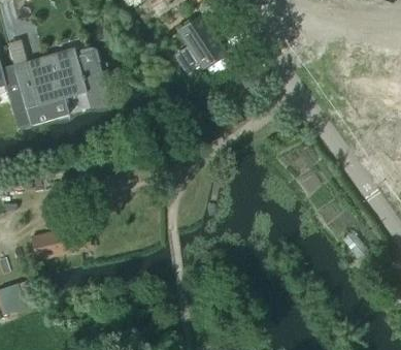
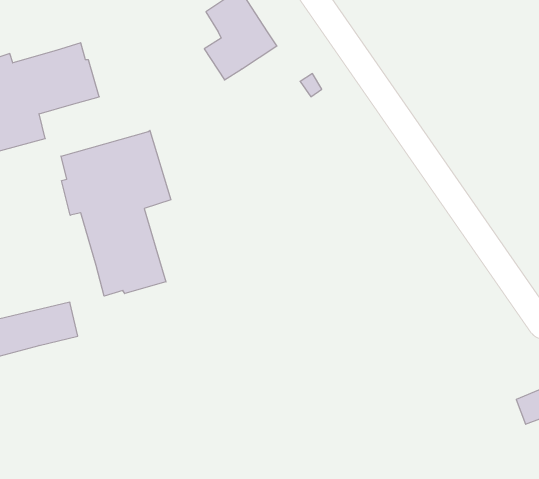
building: none -> [61,130,171,296]

